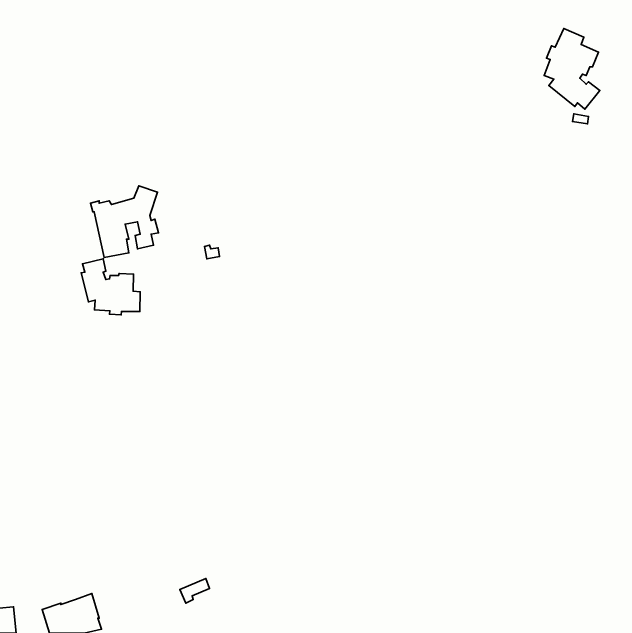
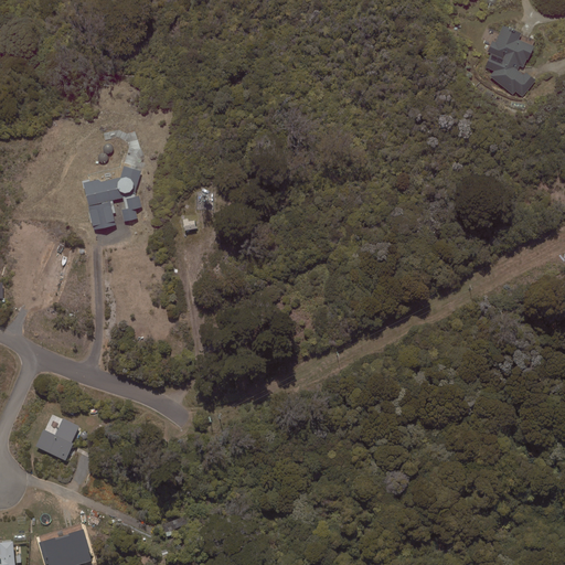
building: [81,259,140,315] -> none
building: none -> [34,418,78,461]

